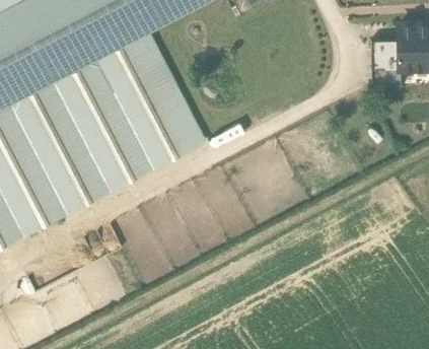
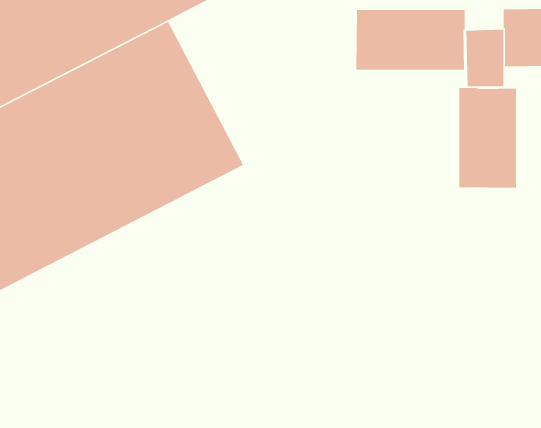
building: none -> [355,9,466,70]
building: none -> [459,87,517,188]

